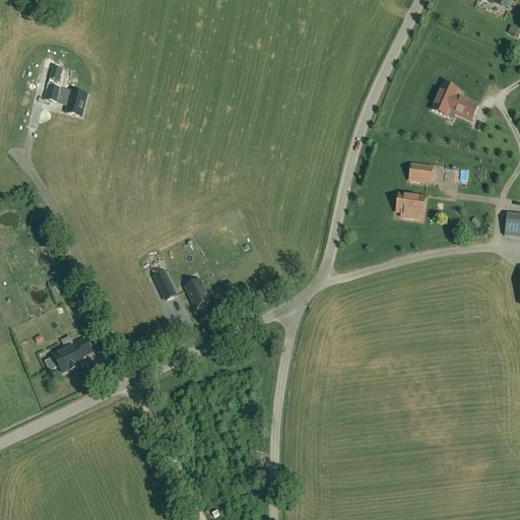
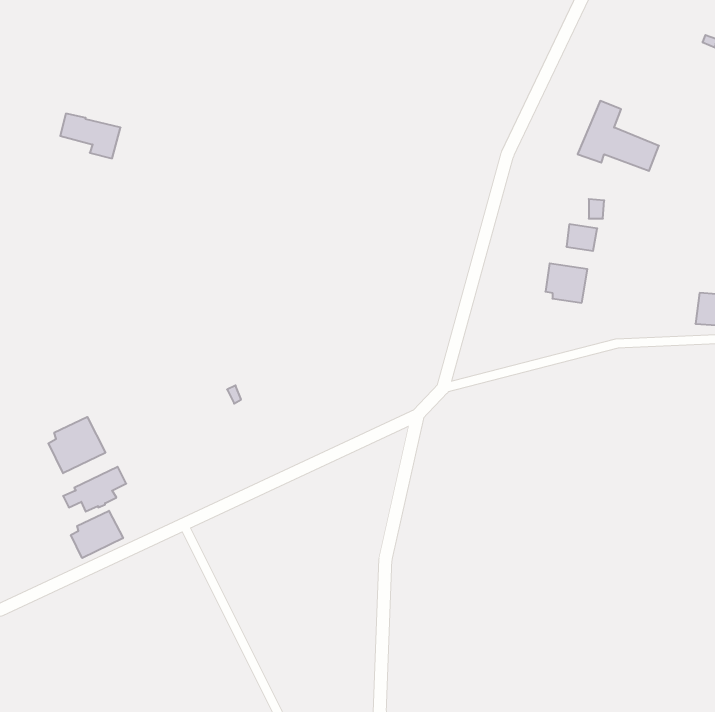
building: [183,277,210,307] -> none
building: none -> [48,417,105,473]
building: none -> [71,511,123,558]

